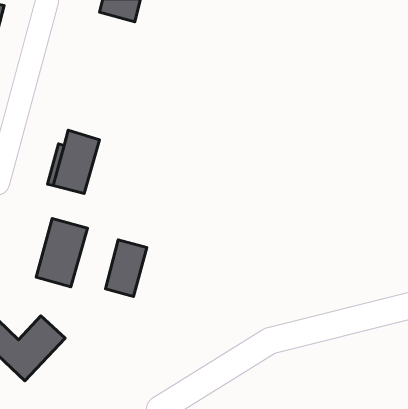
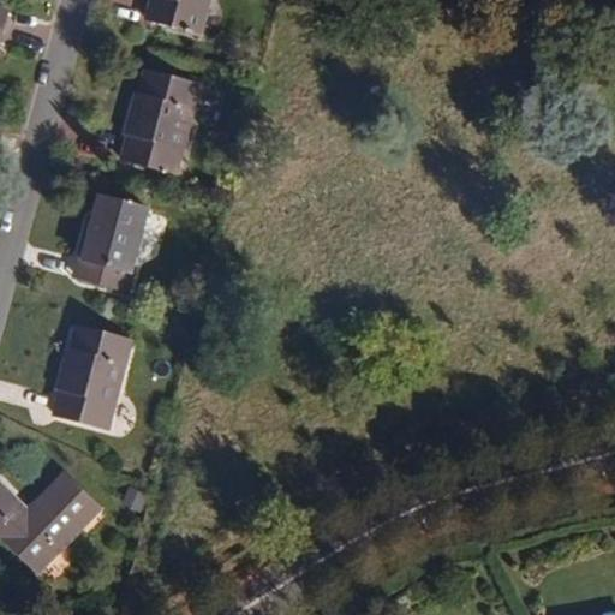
building: none -> [124,71,199,173]
building: [105,240,147,296] -> none

